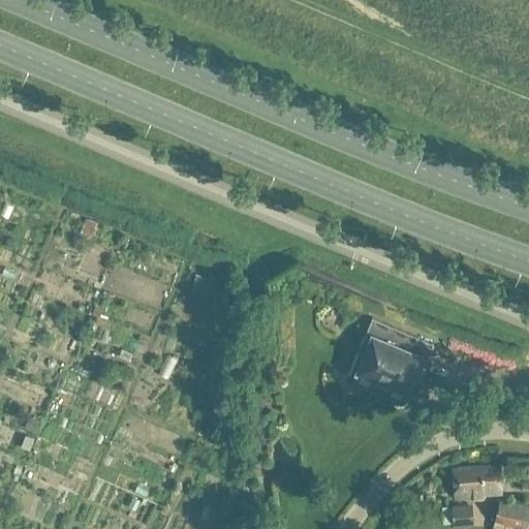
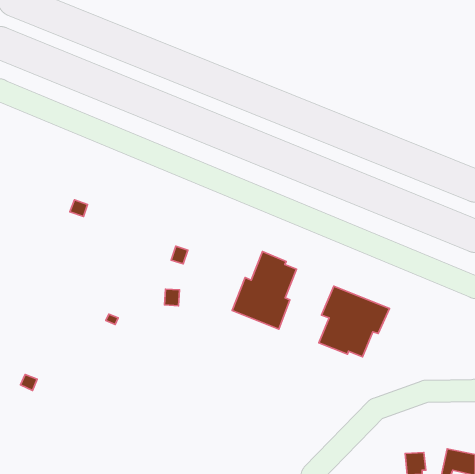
building: none -> [232,251,297,329]
building: [452,466,499,500] -> none

